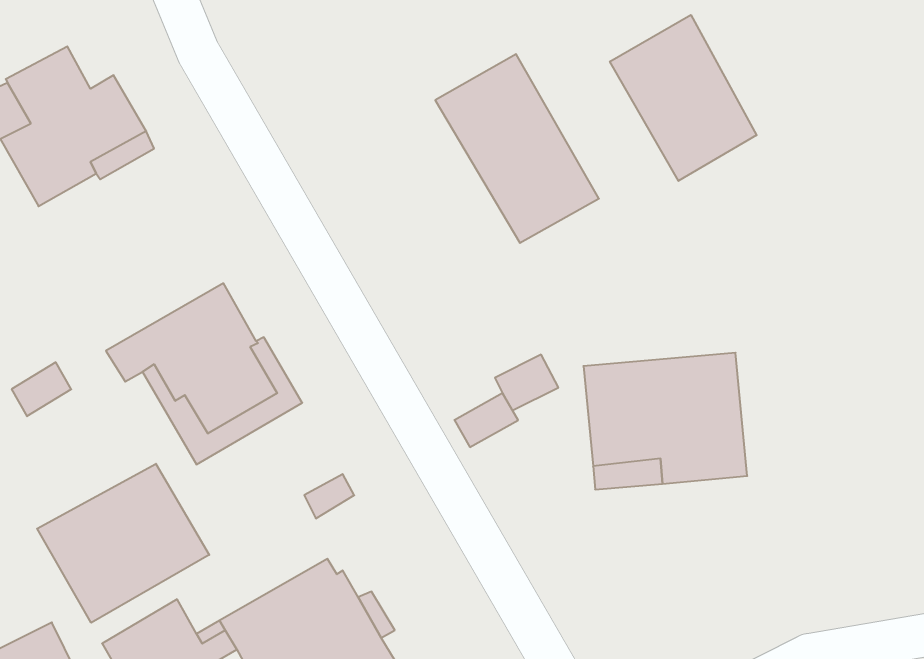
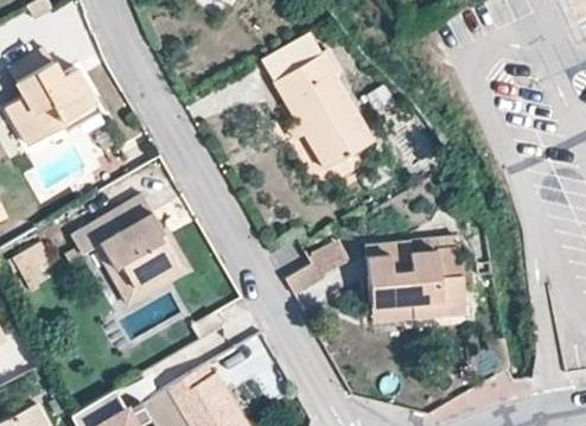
building: [610,15,757,181] -> none
building: none -> [261,31,323,81]
building: [37,464,209,623] -> none

